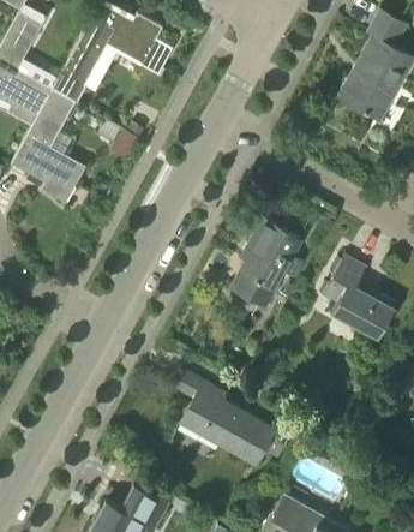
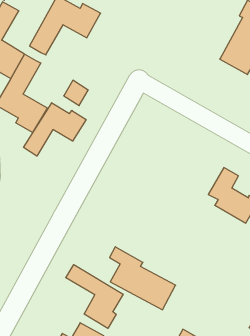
building: none -> [24,103,86,156]
building: [232,219,304,304] -> none
building: none -> [66,265,123,328]

